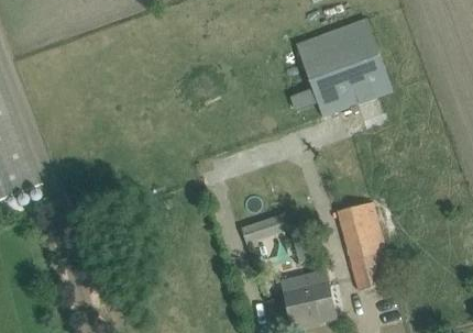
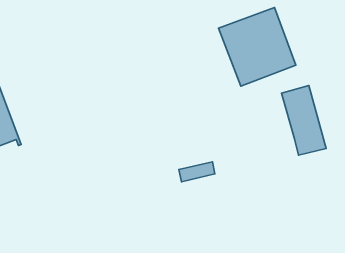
building: [336,202,393,291] -> [281,85,326,155]
building: [280,271,334,323] -> none

